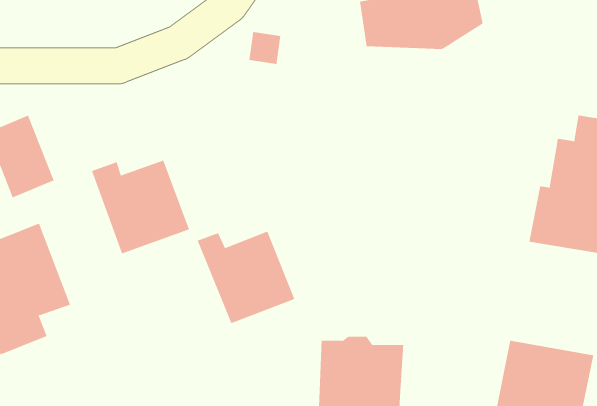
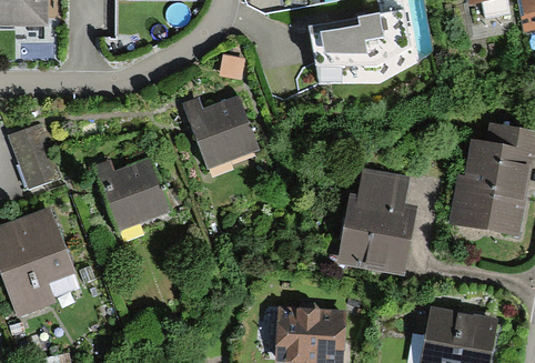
building: none -> [335,167,416,273]
building: [197,231,295,324] -> [180,95,260,171]

